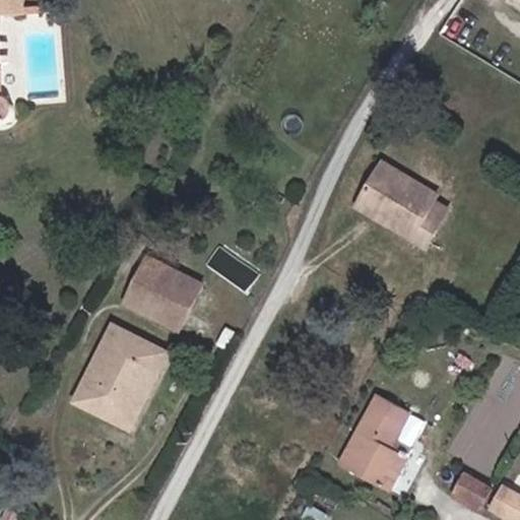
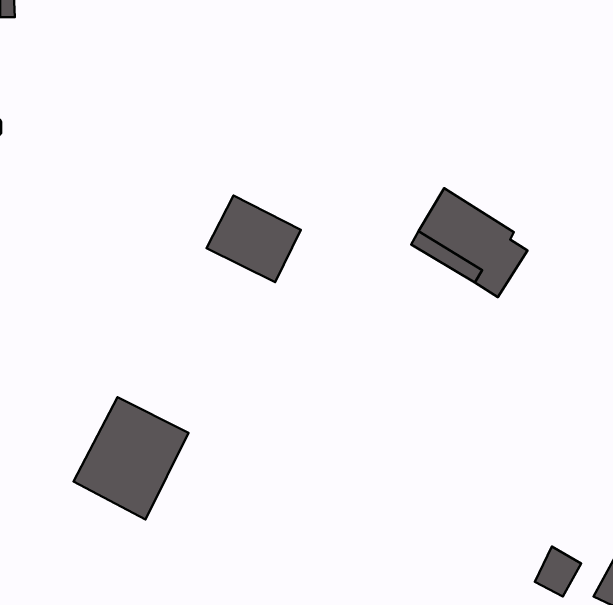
building: [119,265,197,337] -> [207,196,301,282]
building: [343,381,413,475] -> none

